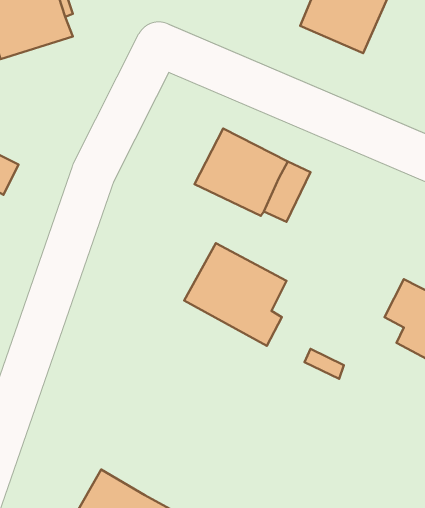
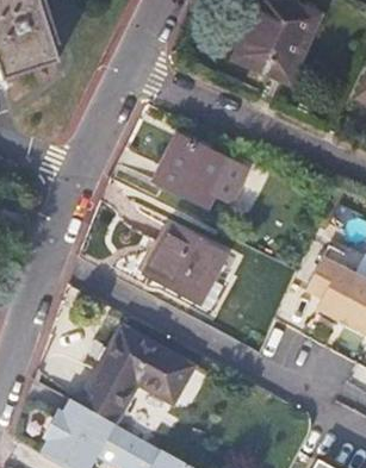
building: none -> [76,325,196,424]

